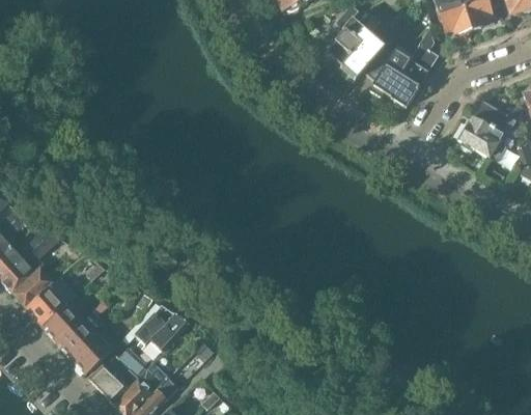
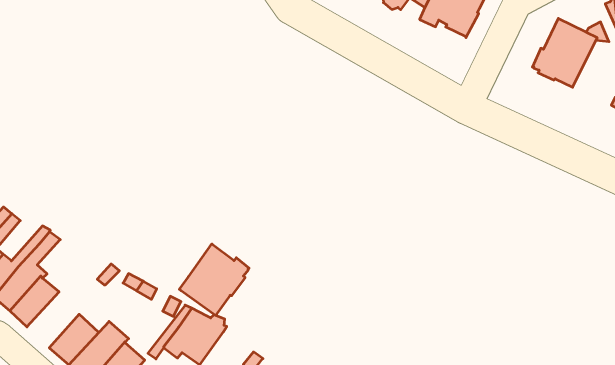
building: none -> [179,244,249,315]
building: [25,275,77,326] -> none

